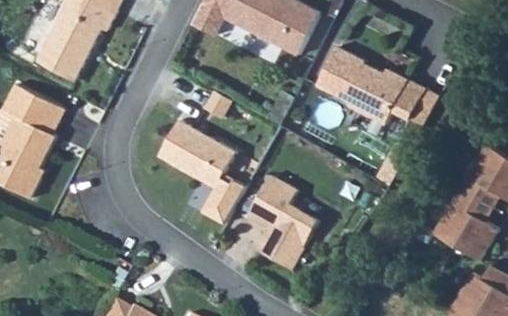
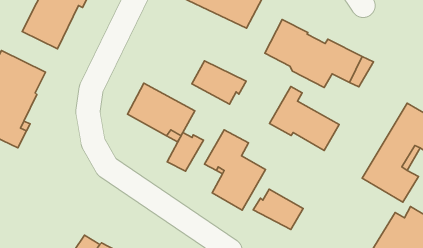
building: none -> [192,61,246,104]
building: none -> [270,87,339,151]
building: none -> [253,189,303,229]

